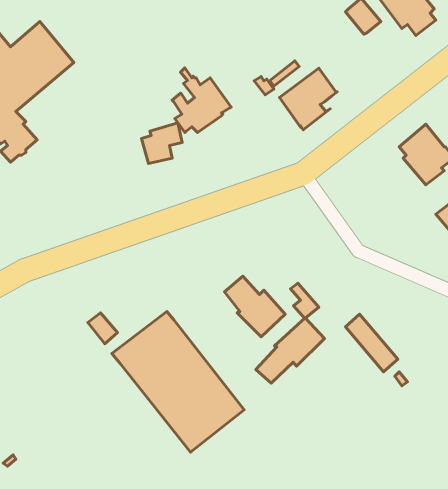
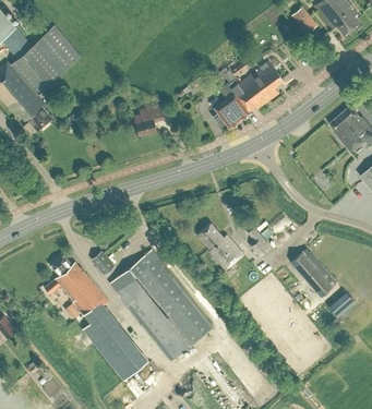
building: [172,68,231,133] -> [209,76,255,127]
building: [256,318,325,383] -> none
building: none -> [45,255,147,380]

